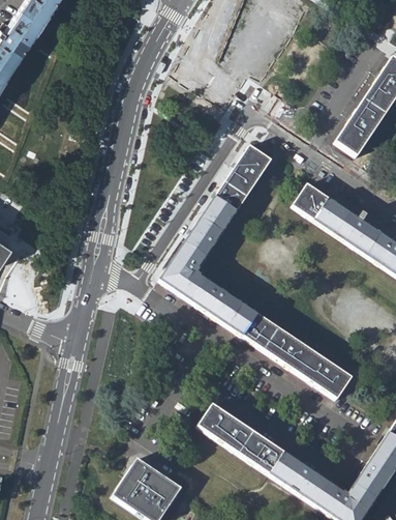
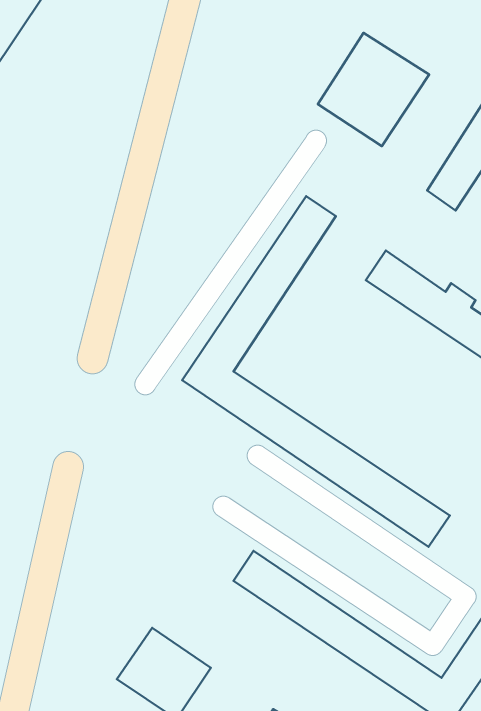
building: none -> [318,33,429,146]

